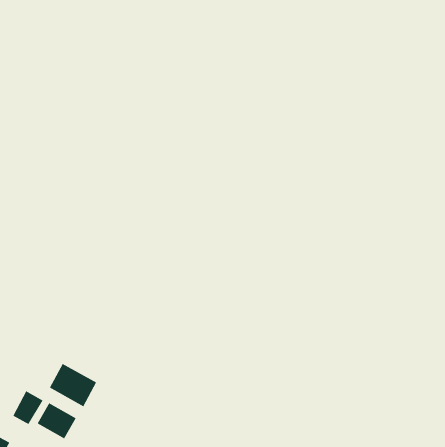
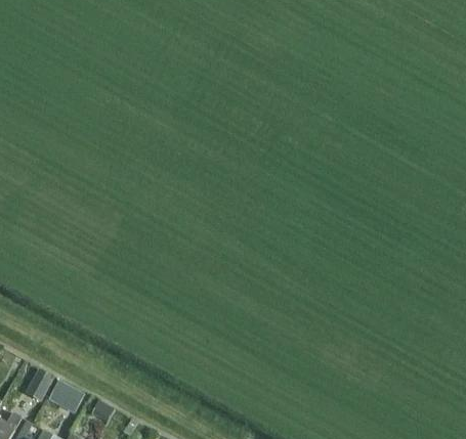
building: [49,363,97,407] -> none

